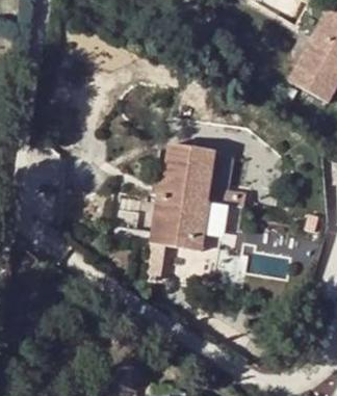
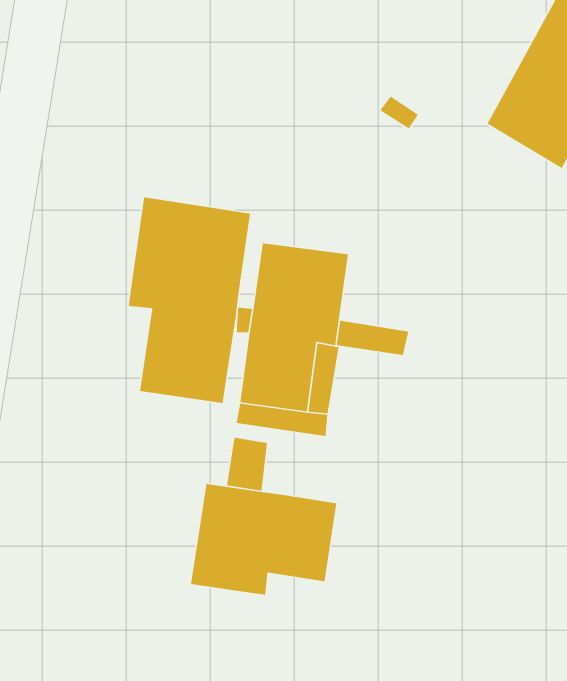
building: none -> [128,197,251,404]
building: none -> [190,483,337,596]

